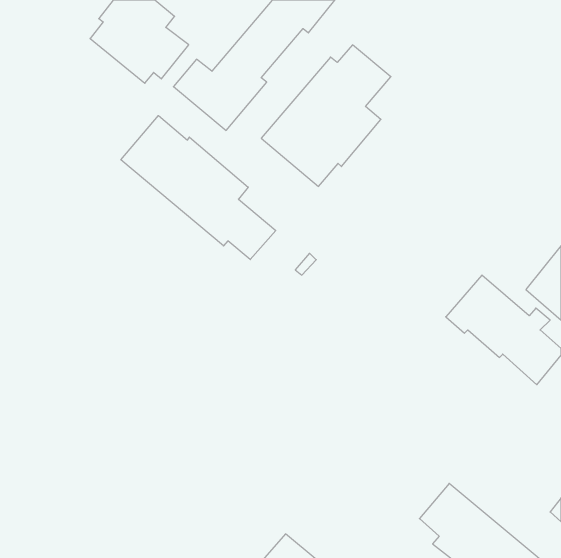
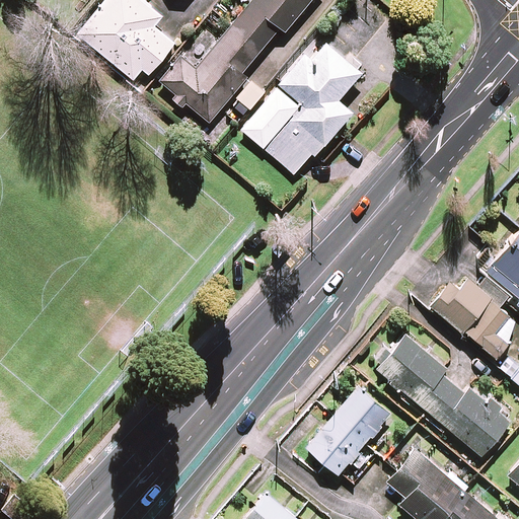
building: [121,116,276,260] -> none
building: none -> [377,336,509,455]
building: none -> [306,387,390,474]

